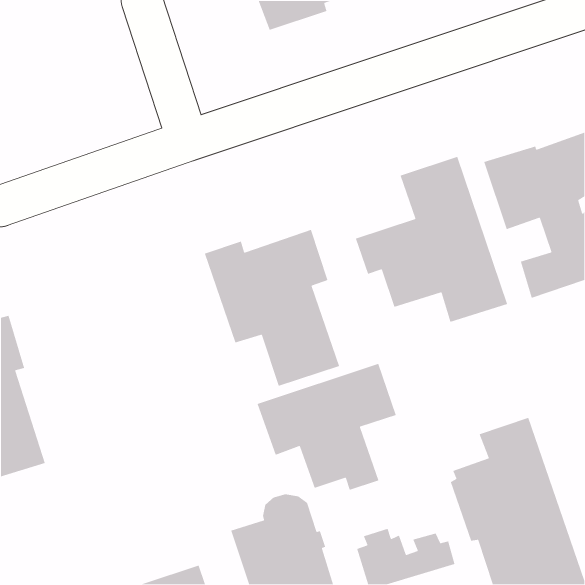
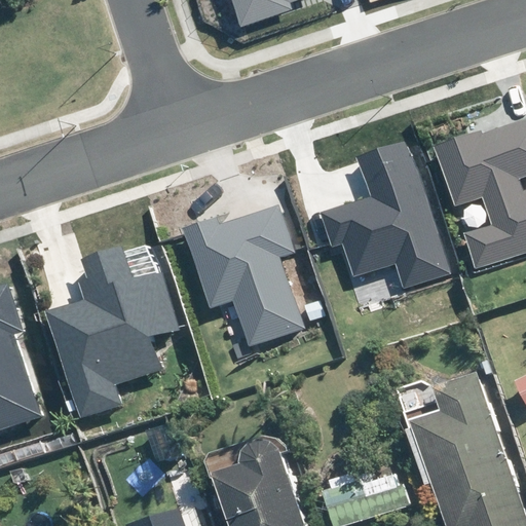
building: none -> [47,247,184,418]
building: [257,363,397,491] -> none

